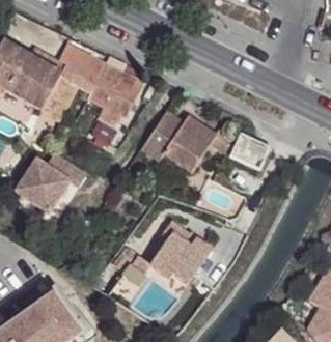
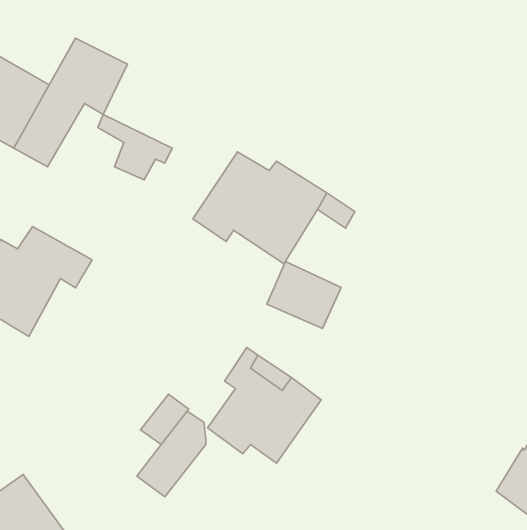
building: [91,61,143,108] -> none
building: [229,132,271,169] -> [267,261,341,329]

